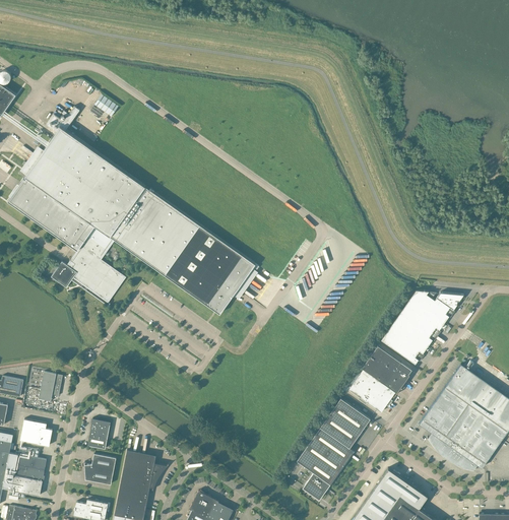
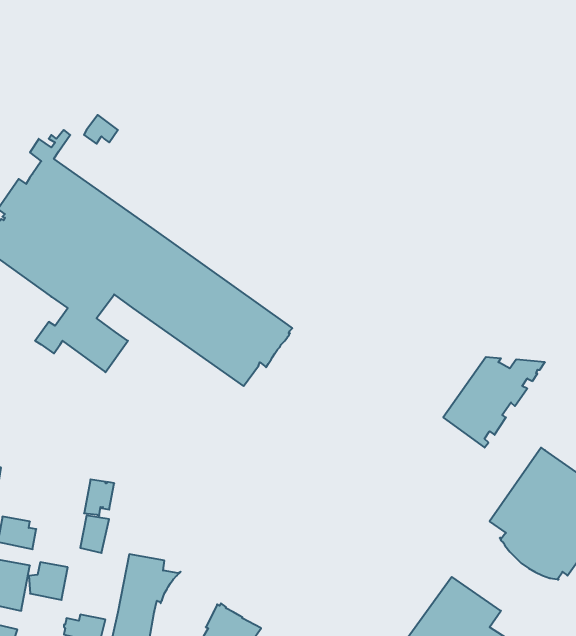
building: [348,346,411,413] -> none
building: [39,373,63,402] -> [84,479,114,516]
building: [297,399,370,498] -> none
building: [84,455,116,485] -> [29,562,68,600]

